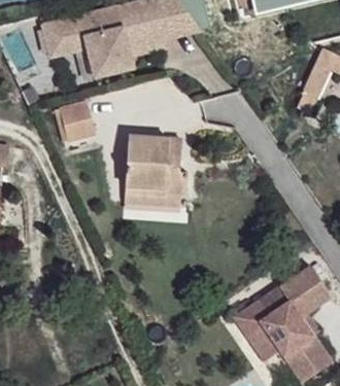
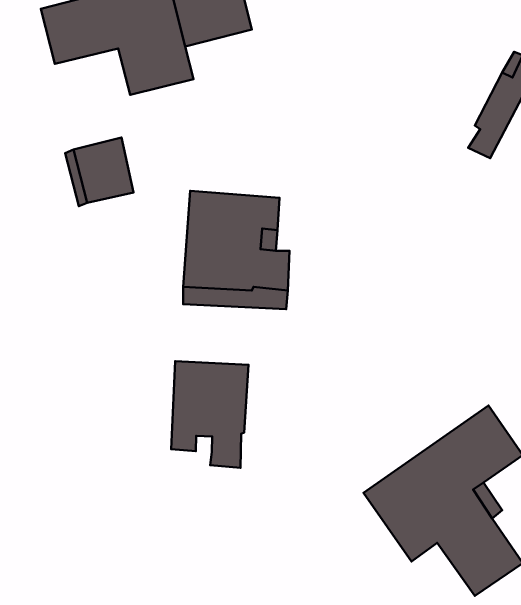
building: none -> [171,361,249,468]

